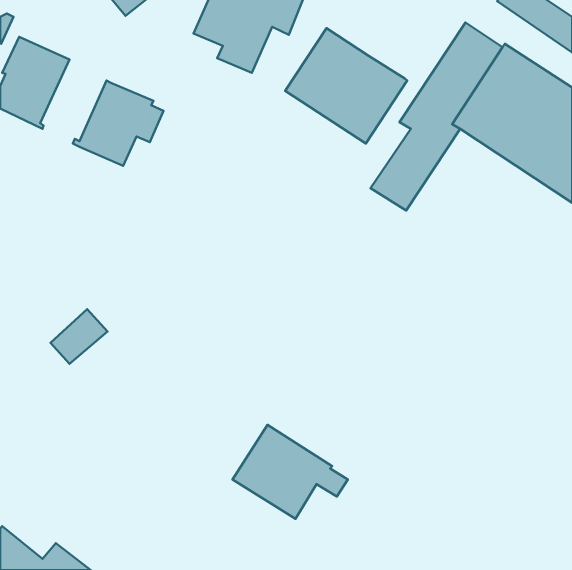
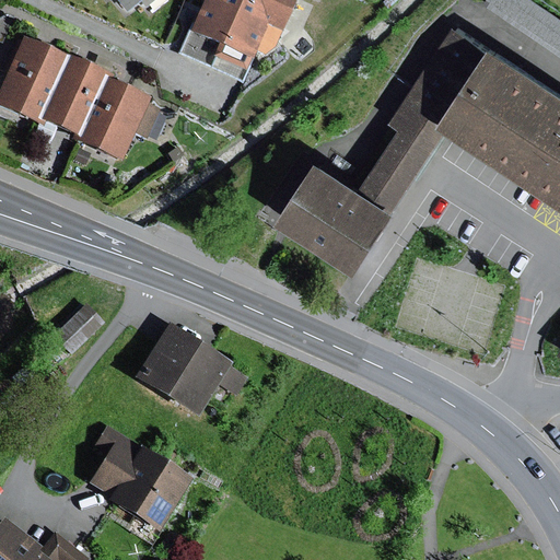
building: [285,28,407,143] -> [280,156,399,269]
building: none -> [39,57,110,138]
building: [233,425,348,519] -> [135,324,247,416]
building: none -> [90,427,192,535]

